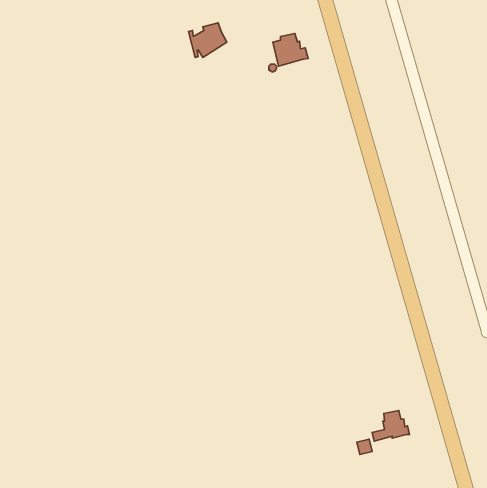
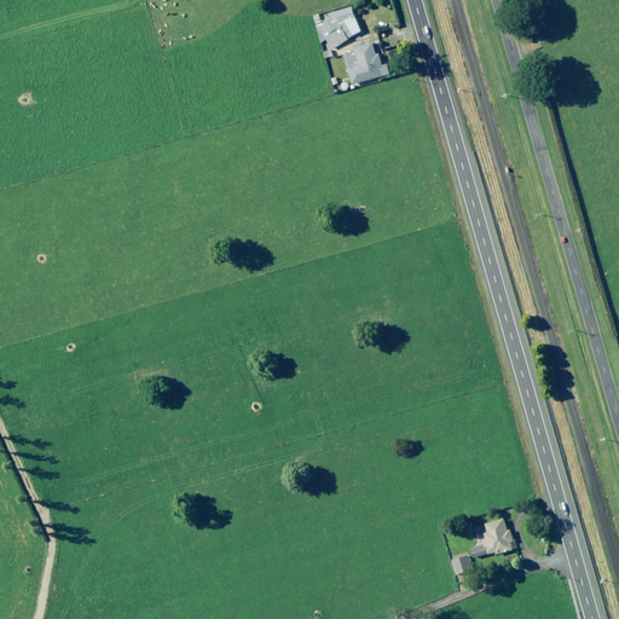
building: [189,23,227,57] -> [313,6,361,50]

